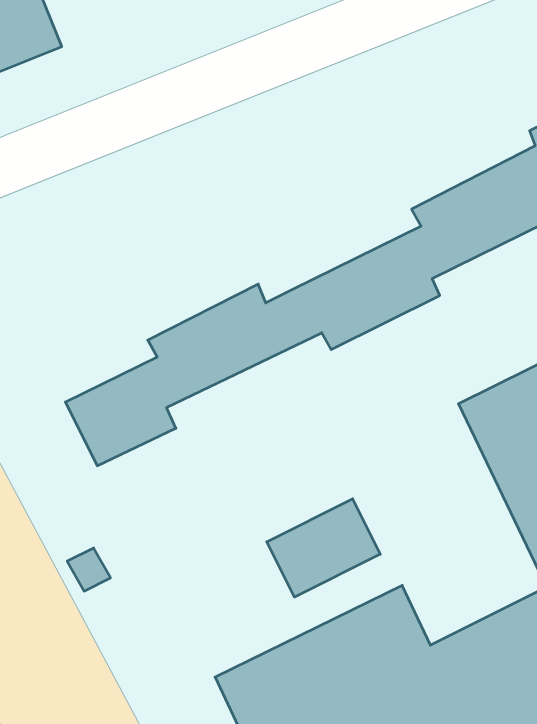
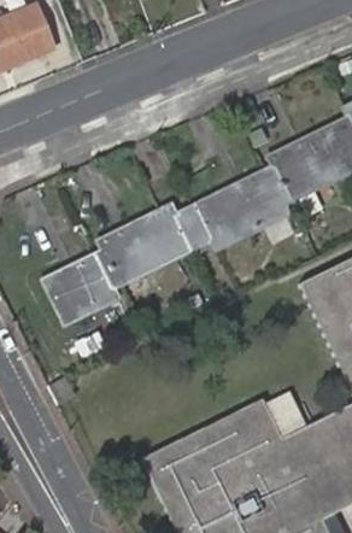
building: [267,499,380,597] -> none

